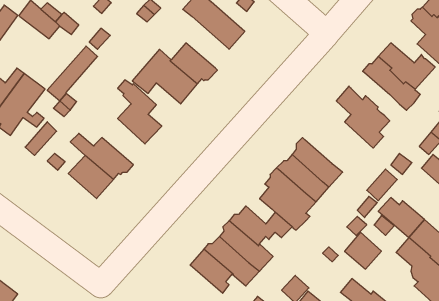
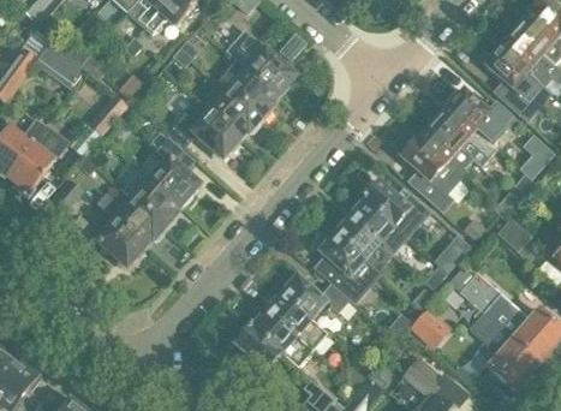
building: none -> [228,59,277,120]
building: none -> [417,121,472,179]
building: none -> [123,168,181,228]
building: none -> [362,180,429,237]

